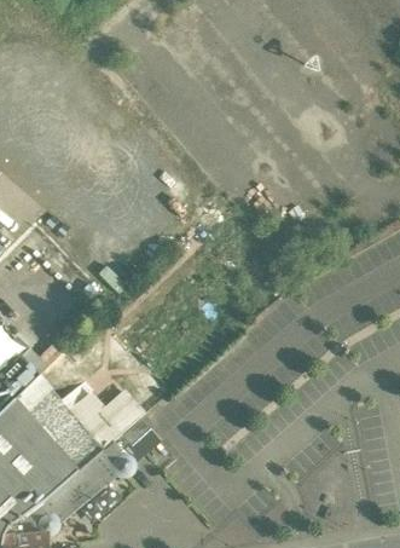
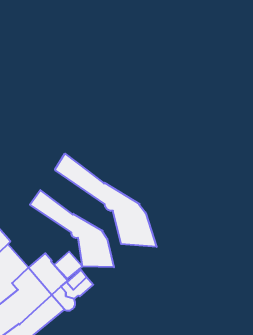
building: none -> [55,154,157,247]
building: none -> [30,190,114,267]

